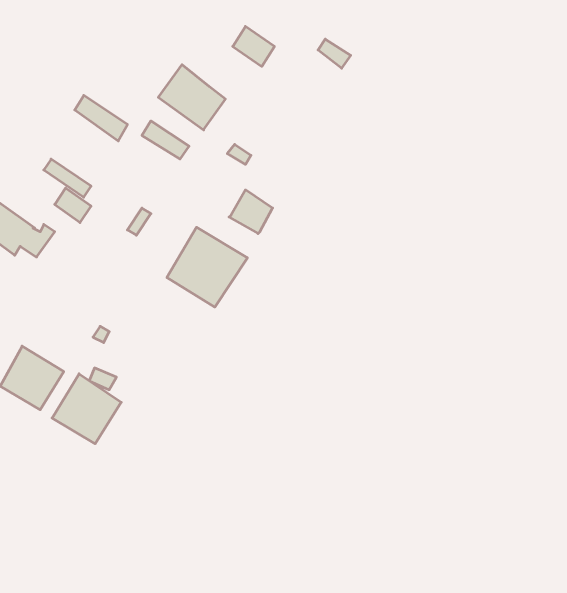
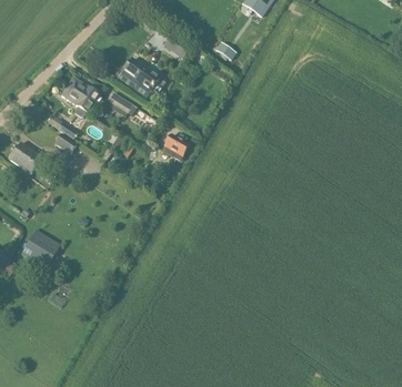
building: none -> [60,84,93,116]
building: [167,227,247,307] -> none
building: [52,374,121,444] -> none

